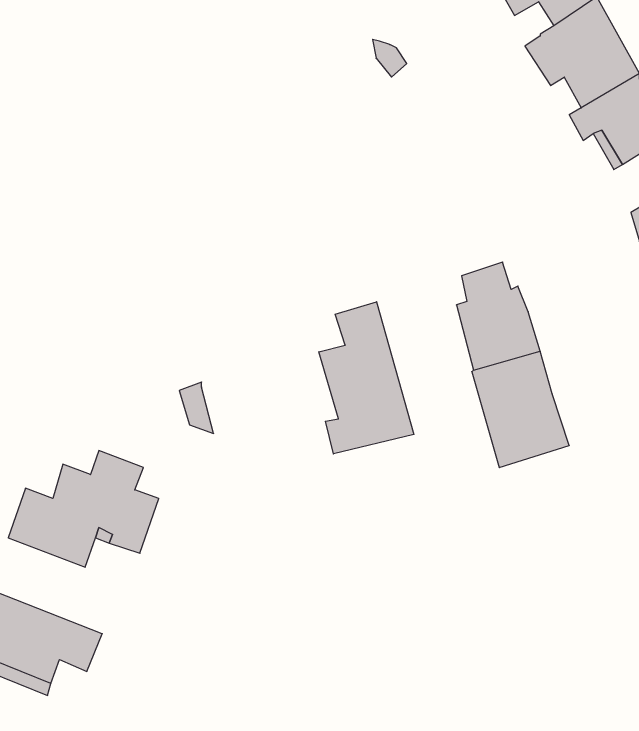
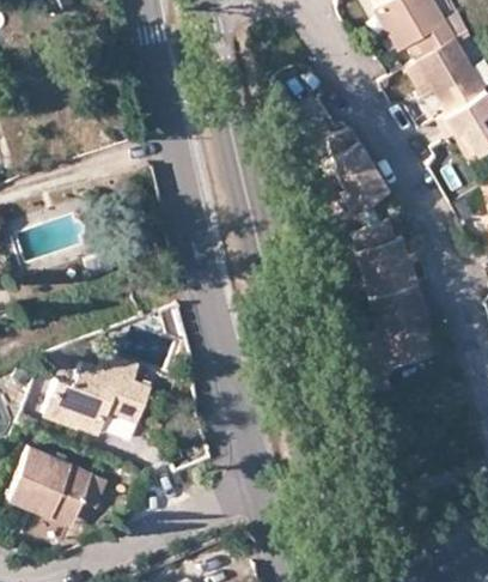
building: none -> [328,129,388,212]
building: [319,302,414,454] -> none

